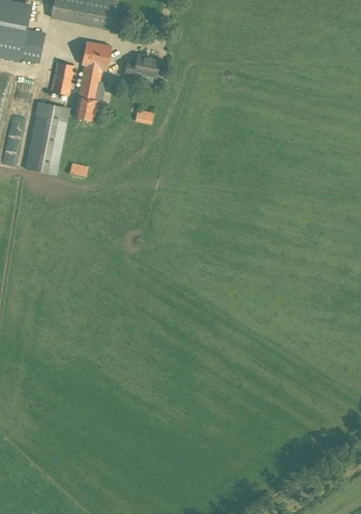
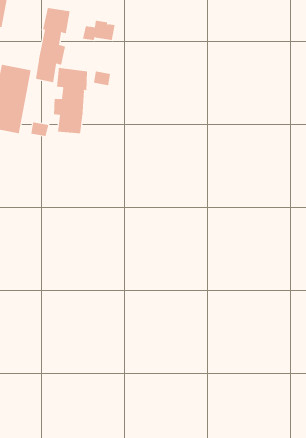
building: [50,61,73,95] -> none
building: none -> [53,67,87,134]

